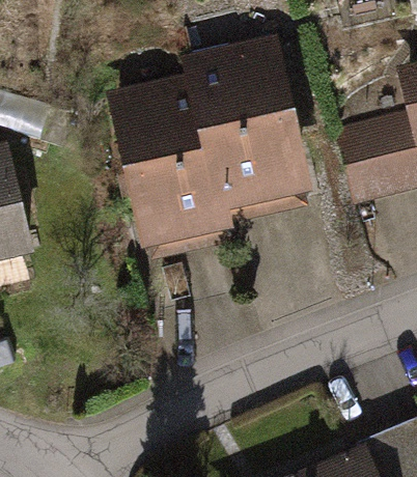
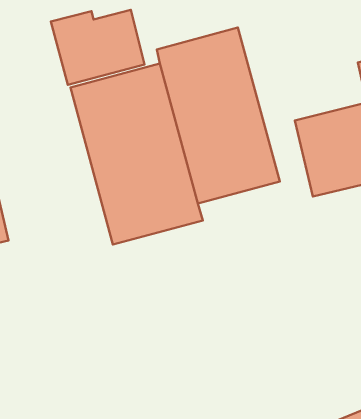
building: none -> [51,10,144,85]

